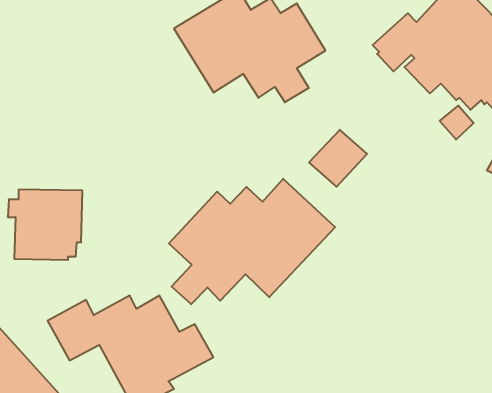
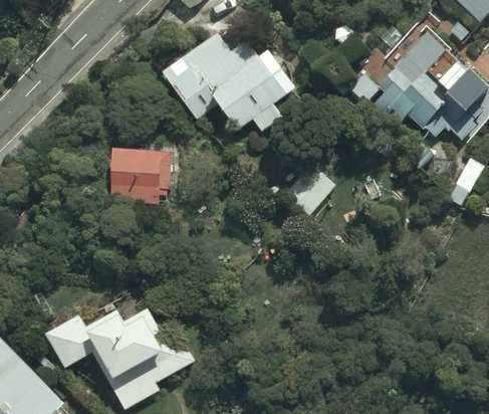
building: [169,179,335,304] -> none
building: [8,190,82,260] -> [104,143,173,207]

